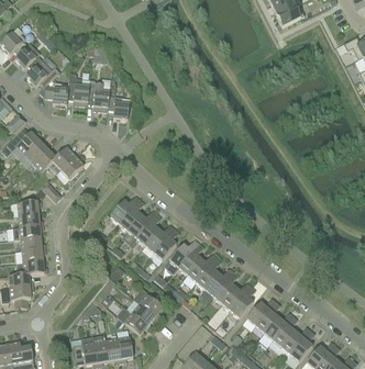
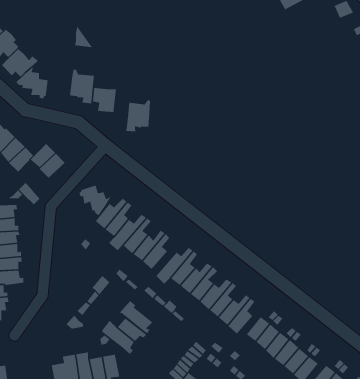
building: [67,70,90,103] -> none
building: none -> [125,99,151,132]
building: none -> [78,185,111,216]

